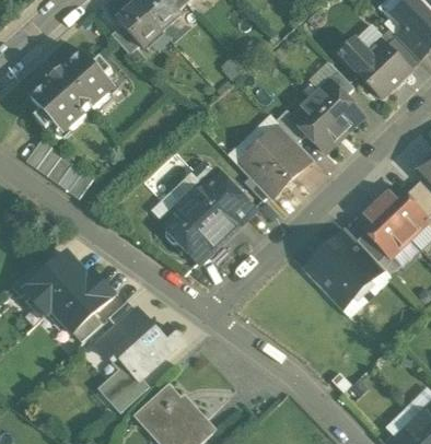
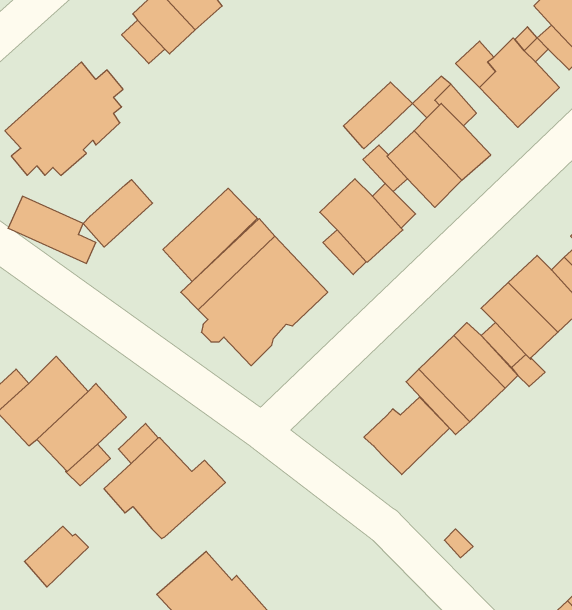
building: none -> [343,82,412,149]
building: none -> [83,180,153,247]
building: none -> [163,188,257,282]
building: none -> [364,397,450,475]
building: [105,371,149,412] -> [24,526,88,587]

